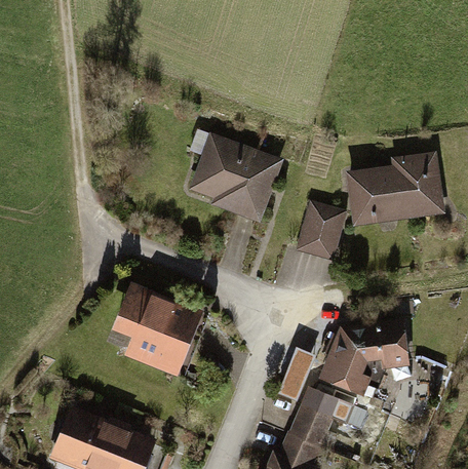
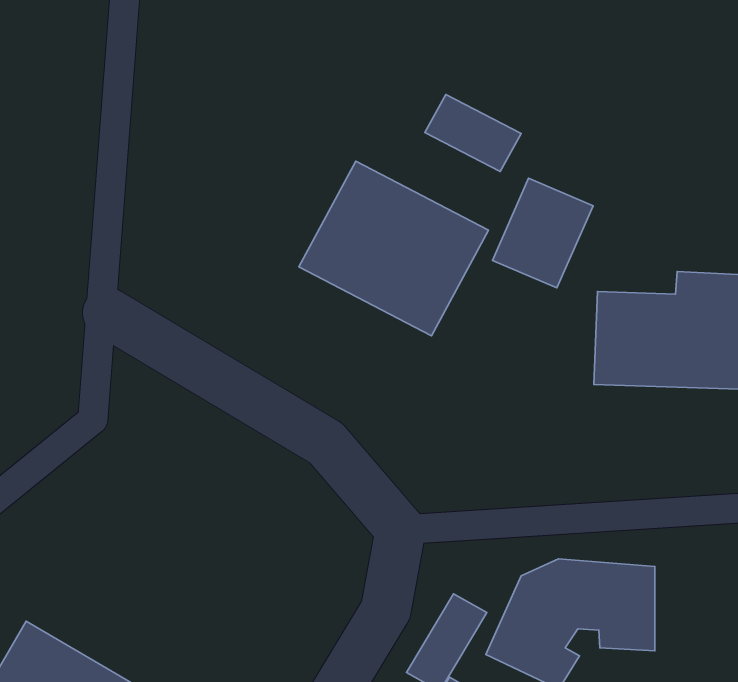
building: none -> [425,94,521,172]
building: [297,204,346,261] -> [492,178,593,288]
building: [115,285,201,377] -> none

